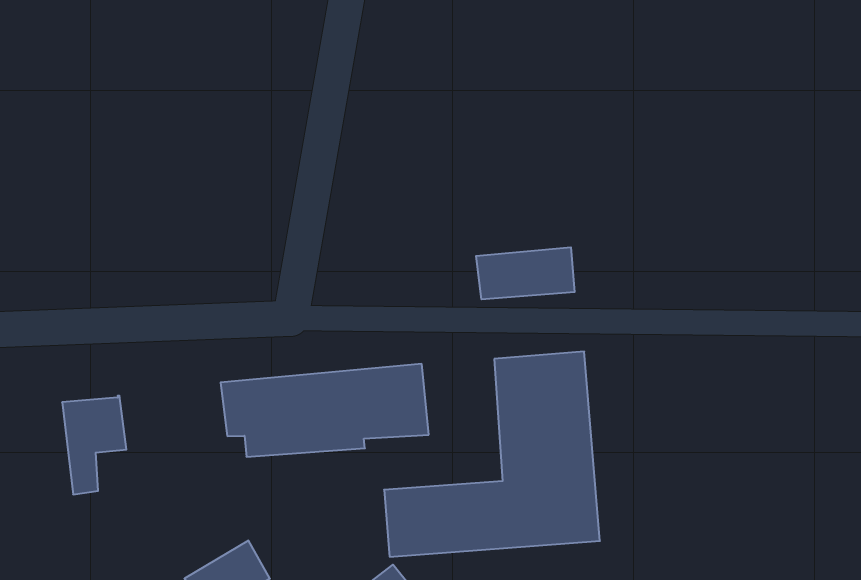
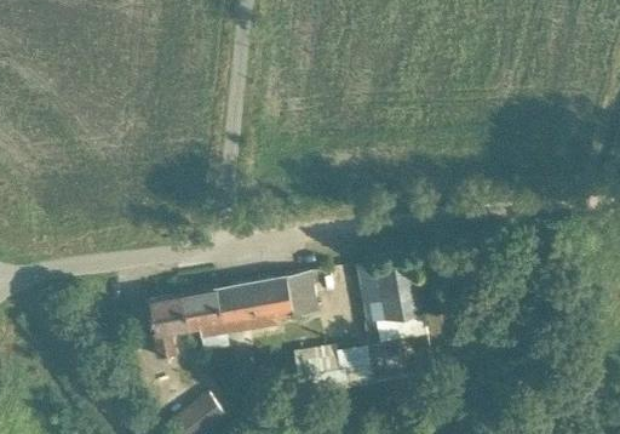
building: [476,247,575,299] -> none
building: [62,396,126,494] -> [147,293,190,359]

